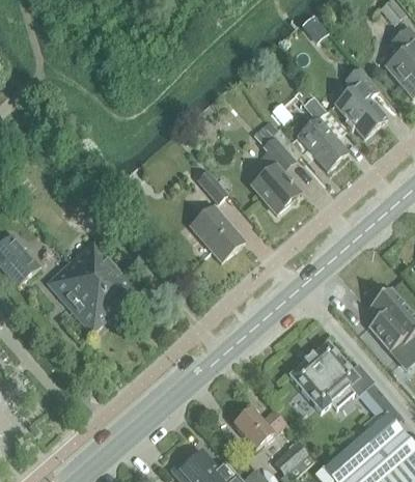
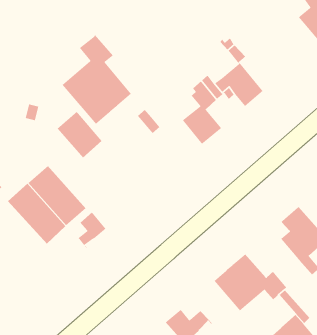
building: [336,67,387,137] -> none
building: none -> [62,34,132,125]
building: [189,205,243,261] -> [57,111,102,158]
building: none -> [76,212,106,249]

